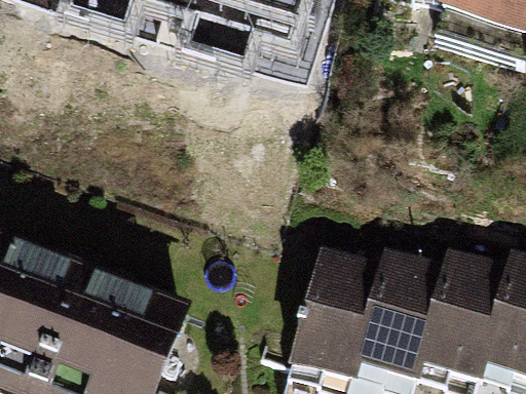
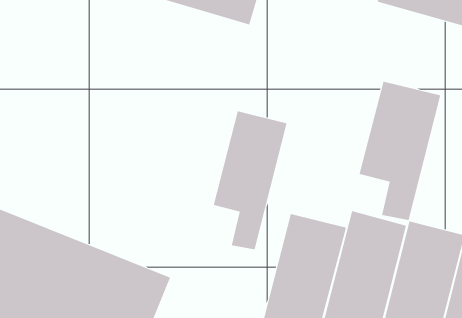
building: none -> [359,81,441,221]
building: none -> [213,111,287,250]

